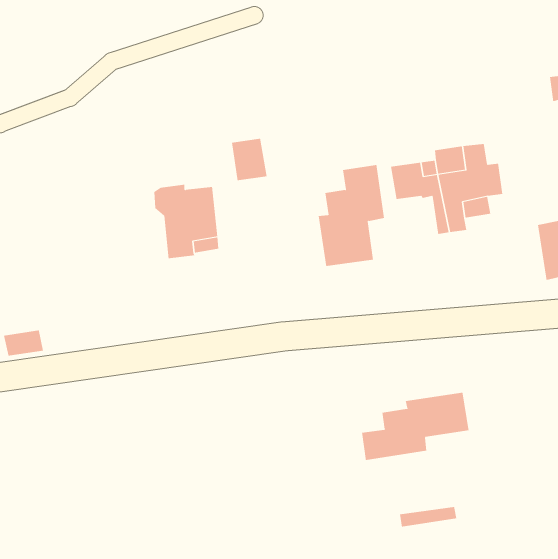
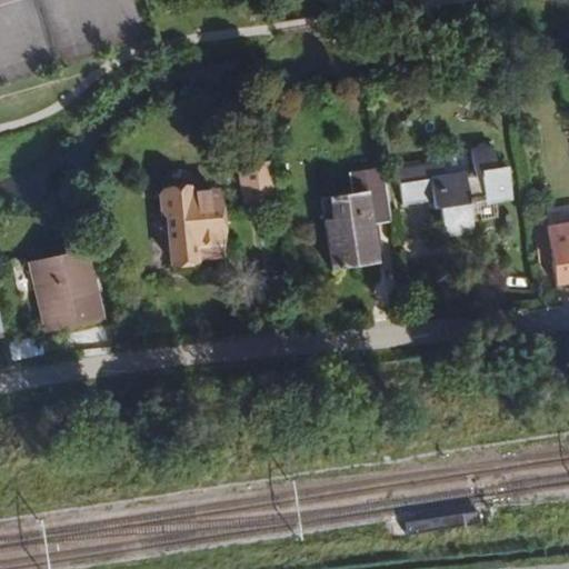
building: none -> [31,249,103,330]
building: [362,392,469,461] -> none

